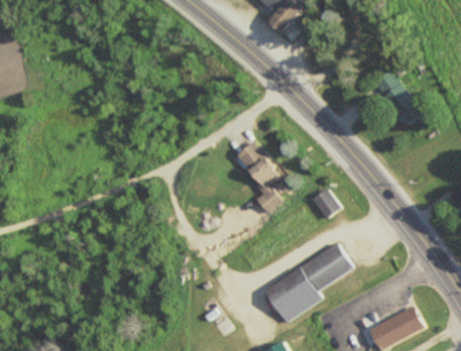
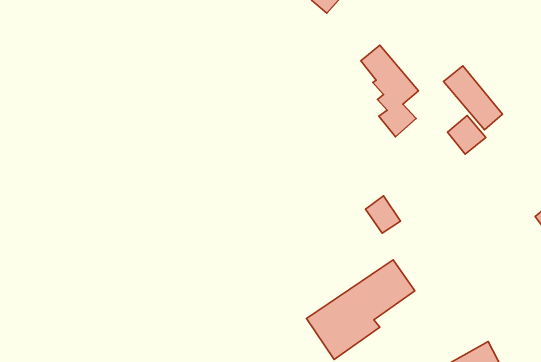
building: none -> [448,116,486,154]
building: [236,138,284,215] -> [361,45,418,137]

